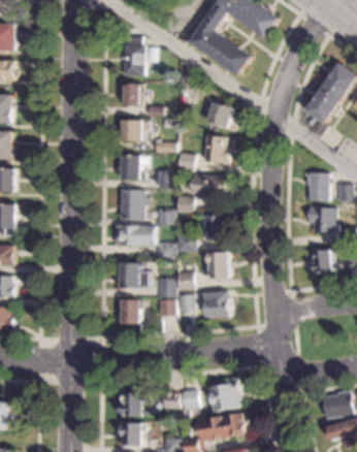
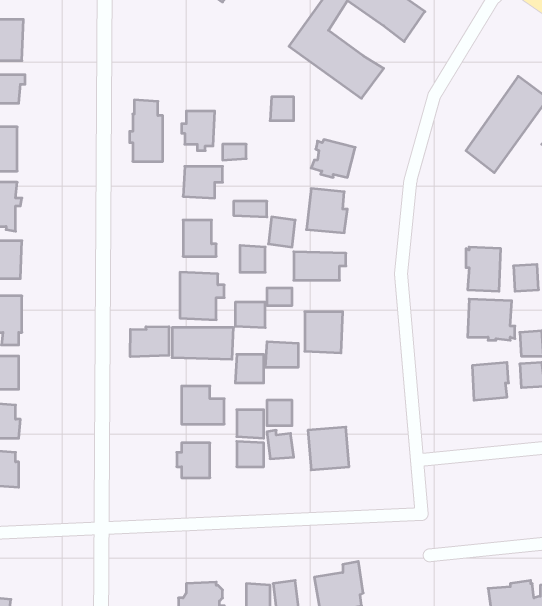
building: [121,35,142,75] -> [130,100,163,161]
building: none -> [130,327,169,357]
building: [204,252,227,279] -> none

